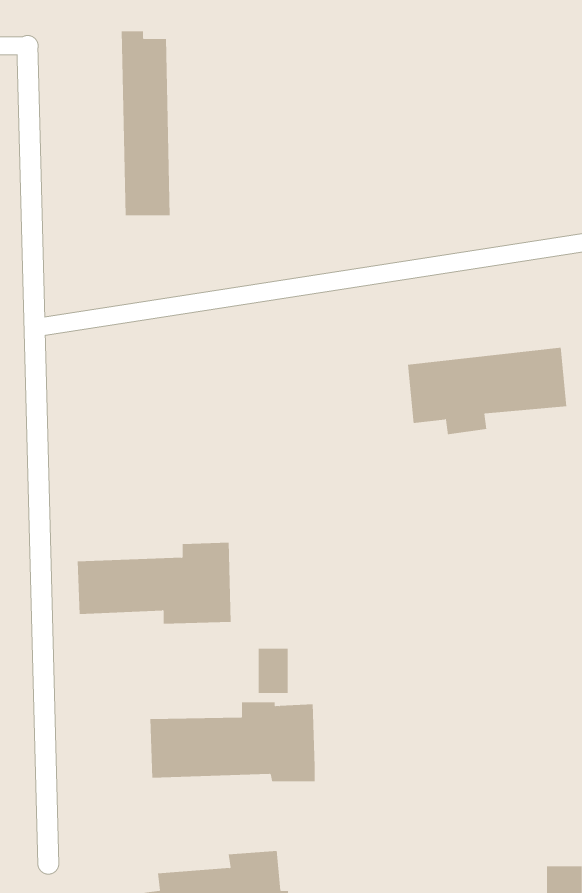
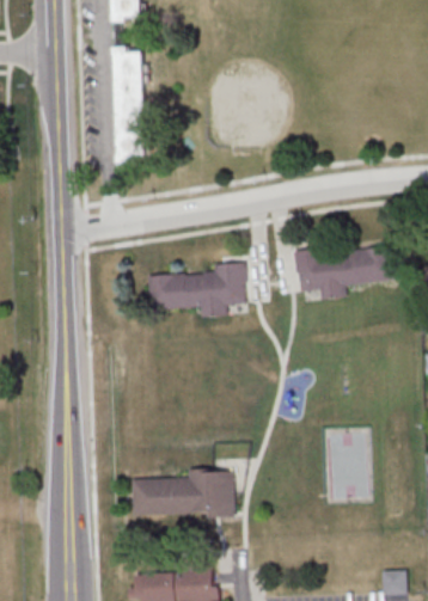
building: [77,542,231,624] -> [145,264,241,315]
building: [258,648,288,694] -> none

